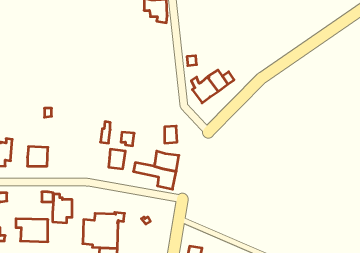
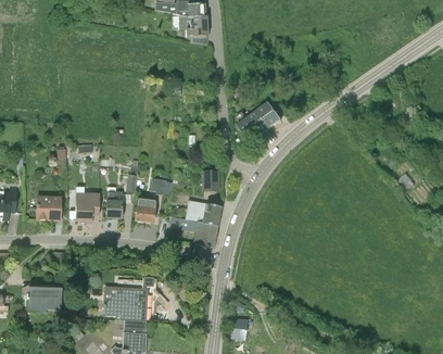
building: none -> [105,187,122,217]
building: [53,194,72,223] -> [75,186,99,220]

